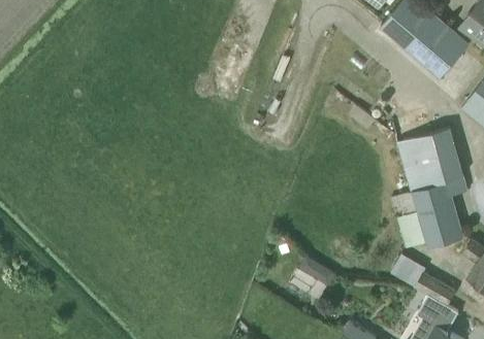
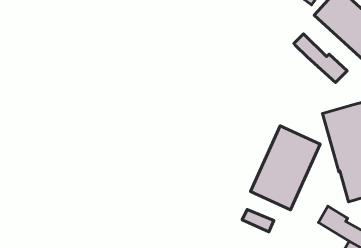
building: none -> [294,34,347,83]
building: none -> [250,126,320,210]

